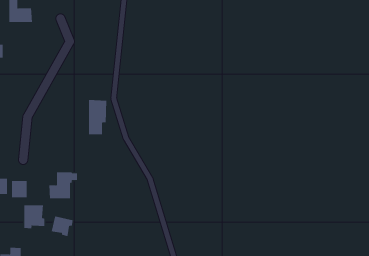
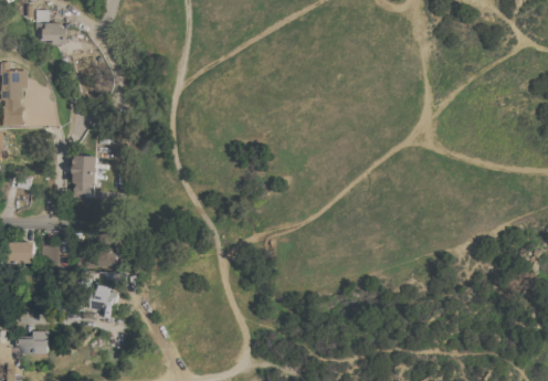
building: [88,100,107,135] -> [73,156,97,201]
building: [24,205,45,229] -> none

